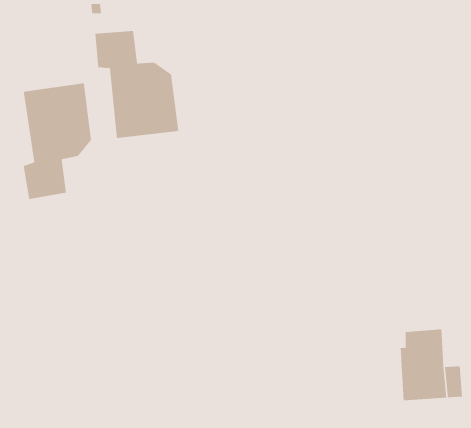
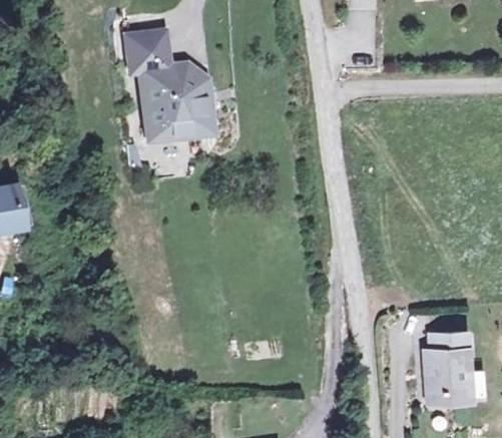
building: [23,82,92,200] -> none

